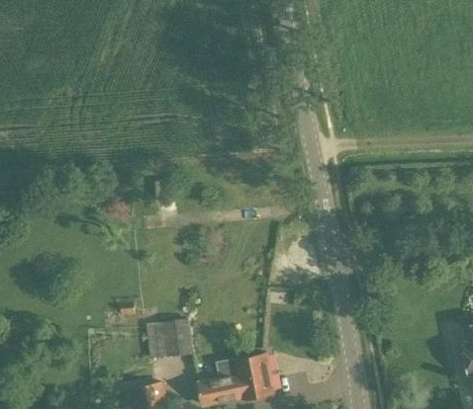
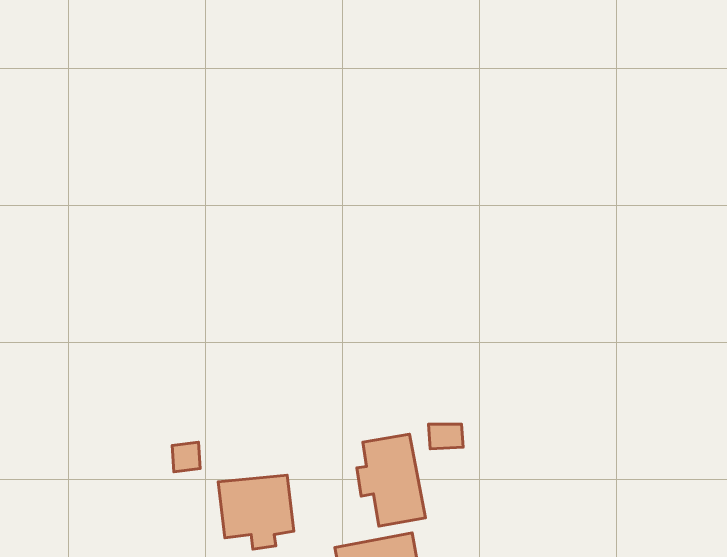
building: none -> [357,434,426,526]

